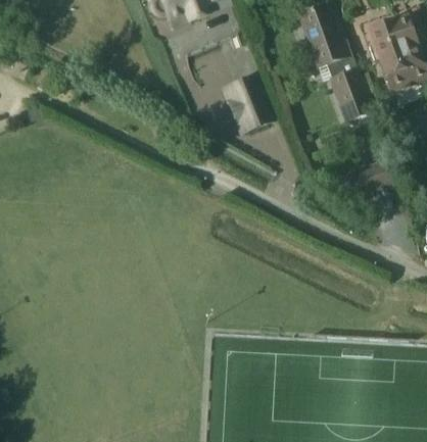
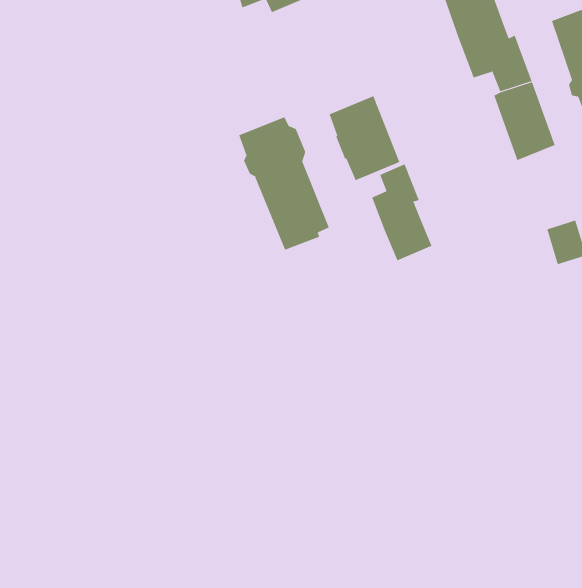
building: none -> [238,117,330,251]
building: none -> [371,164,432,261]

